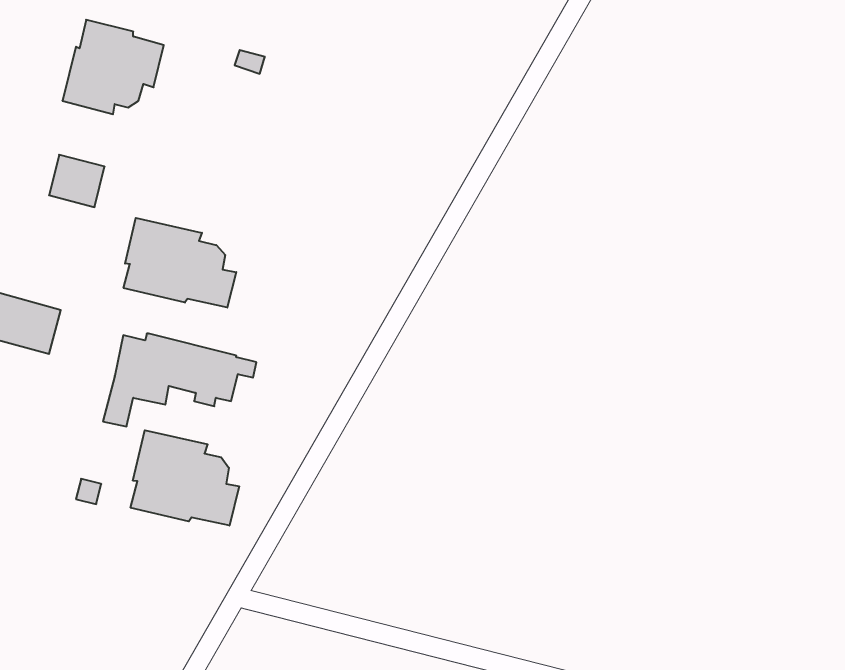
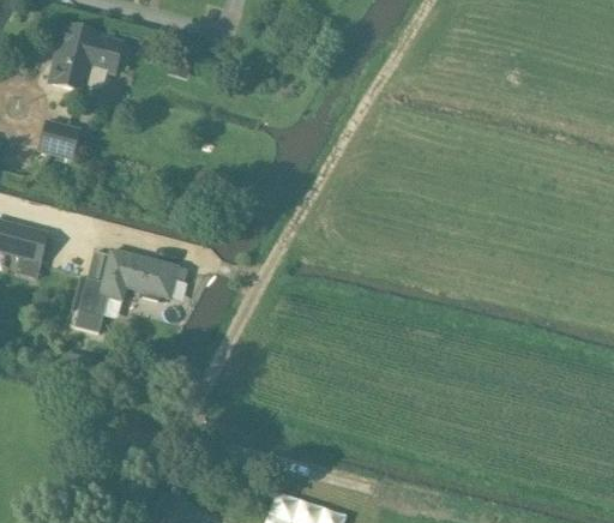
building: [124,218,236,308] -> none
building: [131,430,239,526] -> none

